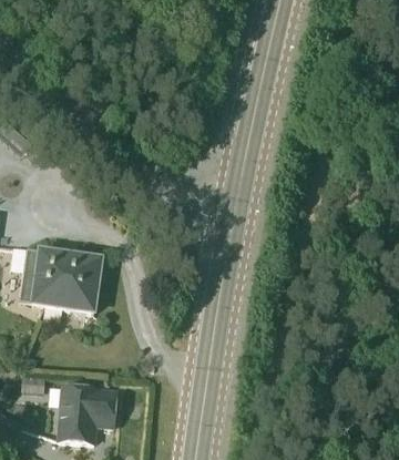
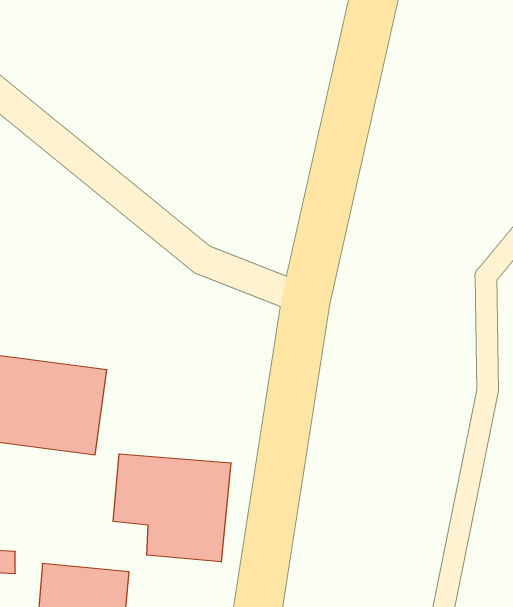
building: none -> [113,454,231,562]

